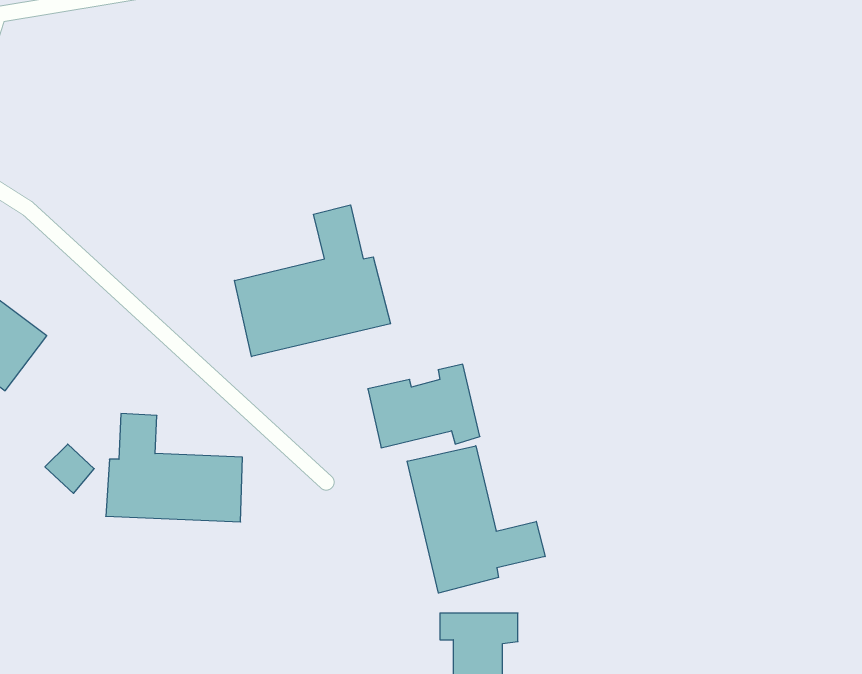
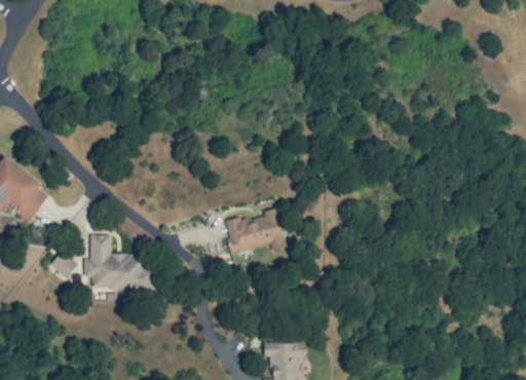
building: [234,205,391,357] -> none
building: [407,446,545,593] -> none

